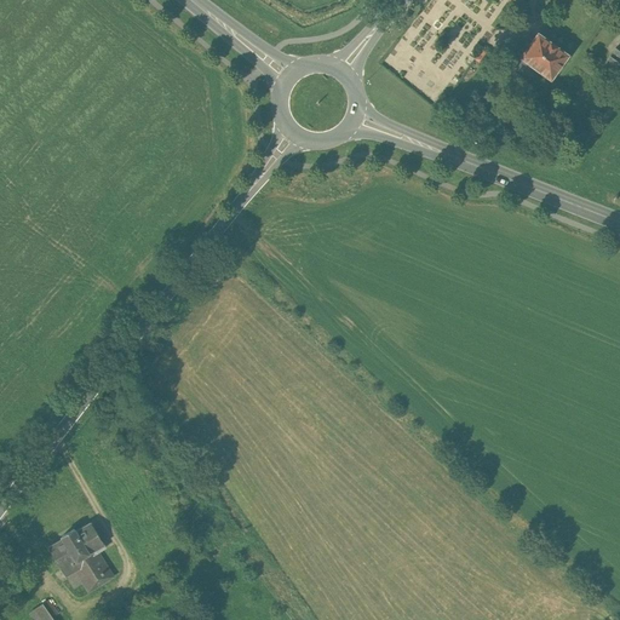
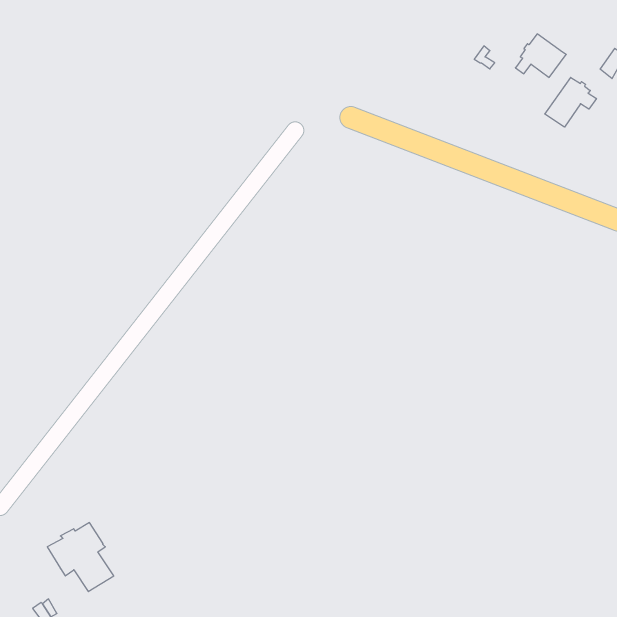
building: none -> [545,77,596,127]

